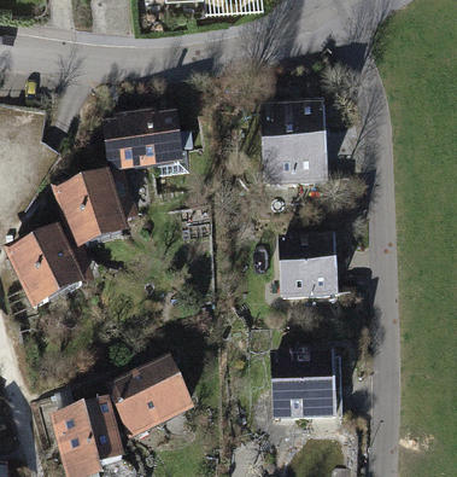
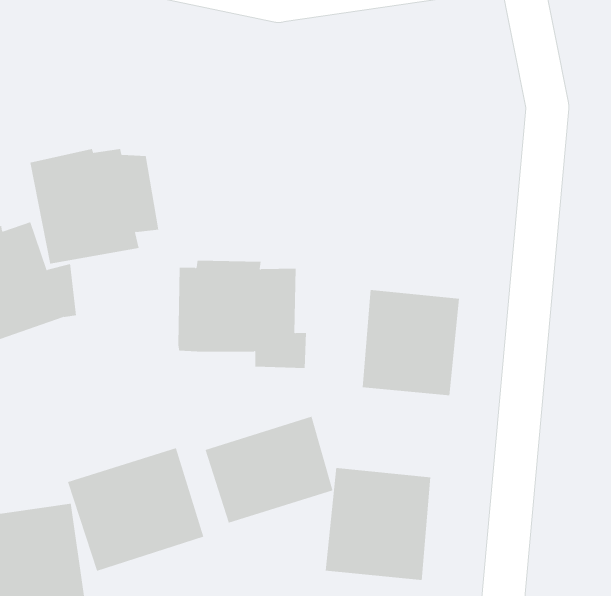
building: [260,97,328,184] -> none
building: [100,107,189,175] -> [177,260,307,368]
building: none -> [205,416,333,524]

